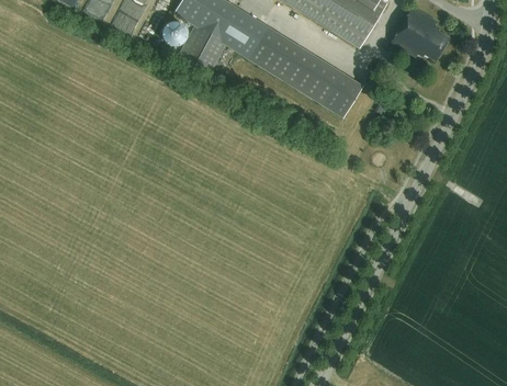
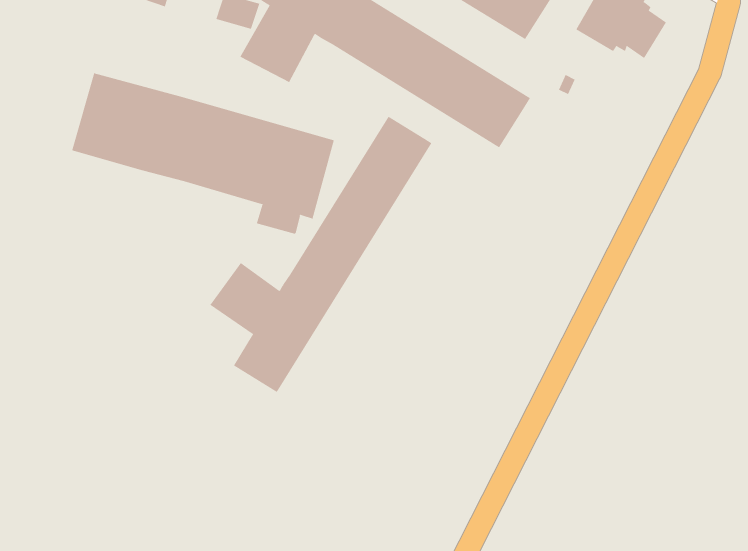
building: none -> [71,72,334,234]
building: none -> [209,116,432,393]

